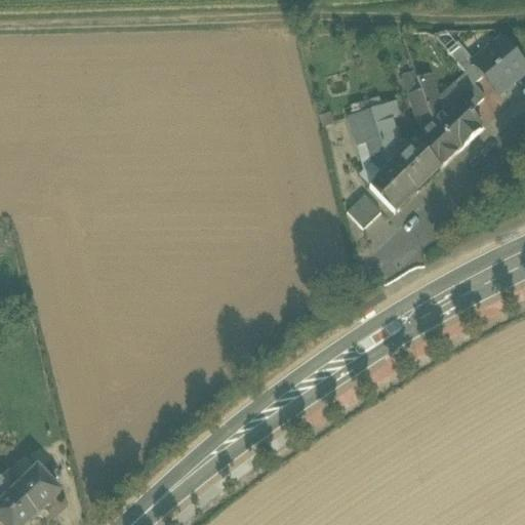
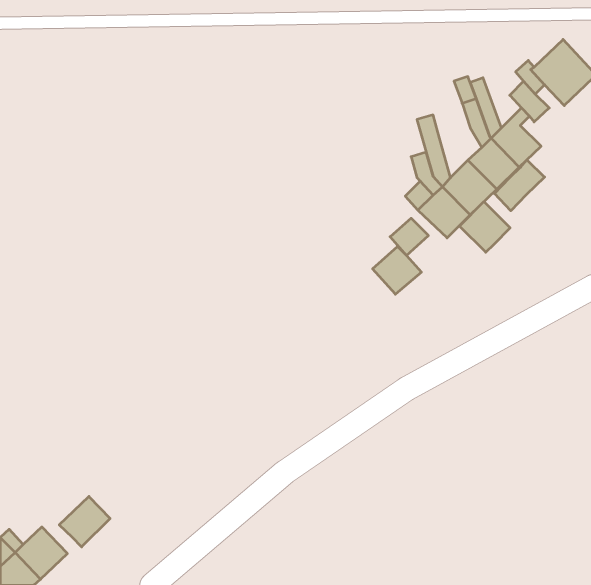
building: [349,106,378,140] -> none
building: none -> [494,160,545,211]
building: none -> [460,202,510,252]
building: none -> [373,246,421,294]
building: none -> [59,496,110,547]

